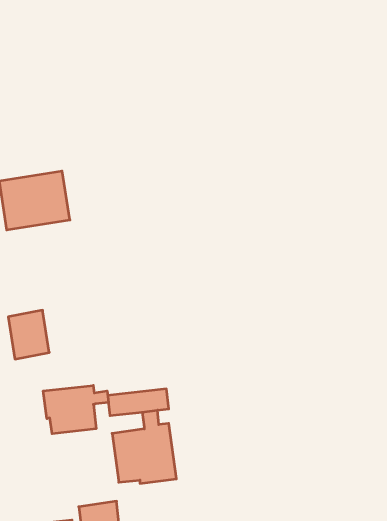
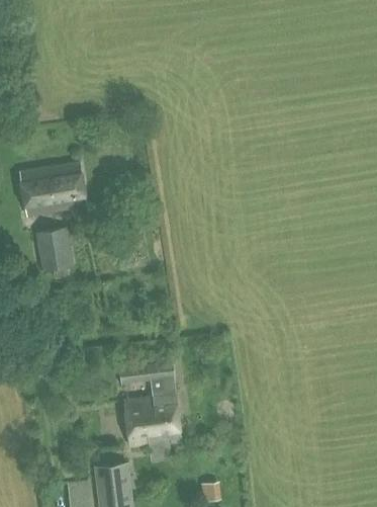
building: [8,310,49,359] -> [35,227,73,271]
building: [43,385,108,434] -> none

